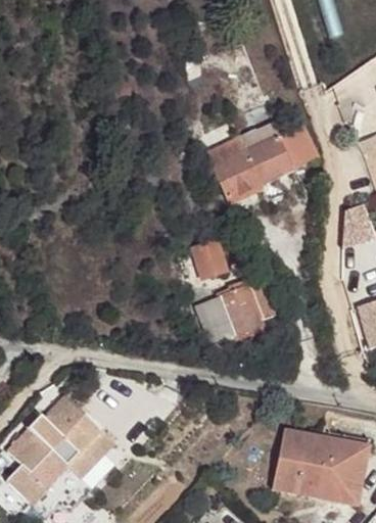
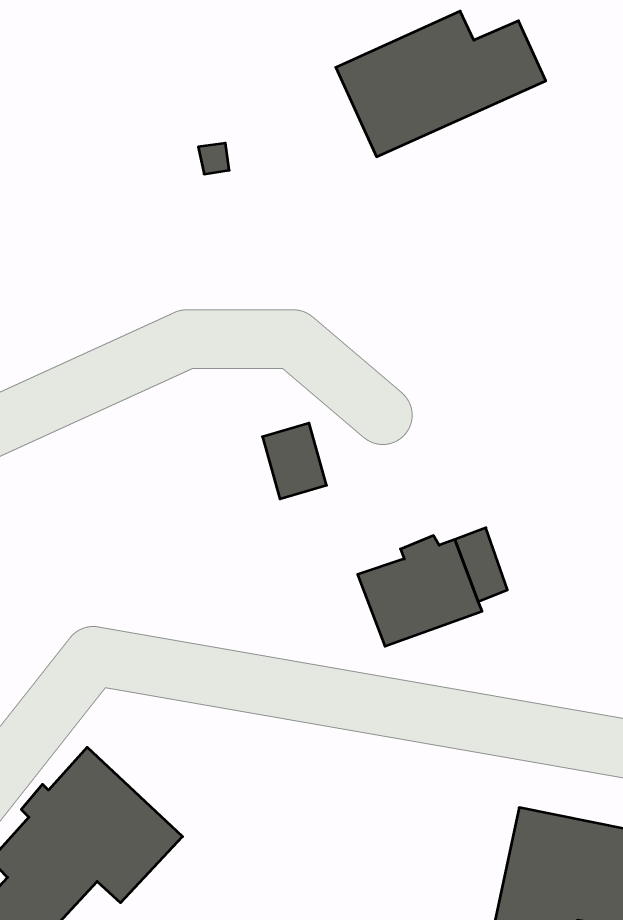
building: [209,122,320,198] -> [336,11,546,157]
building: [195,234,229,274] -> [262,423,327,499]

